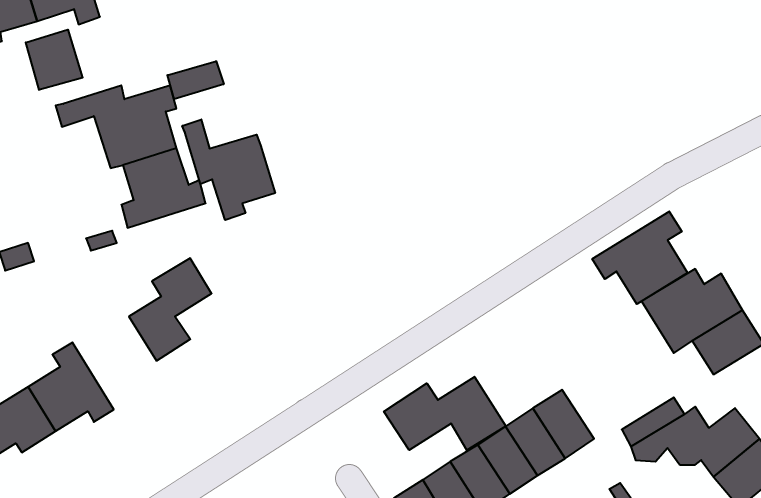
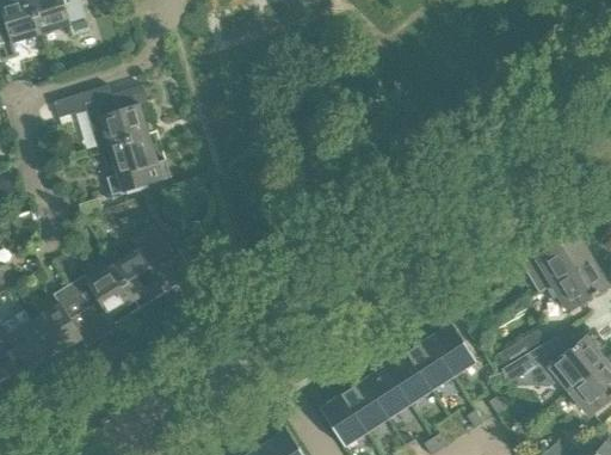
building: [26,30,83,90] -> none
building: [167,61,224,99] -> none
building: [182,119,275,220] -> none
building: [592,211,688,304] -> none
building: none -> [68,266,134,339]
building: [384,377,506,450] -> none

